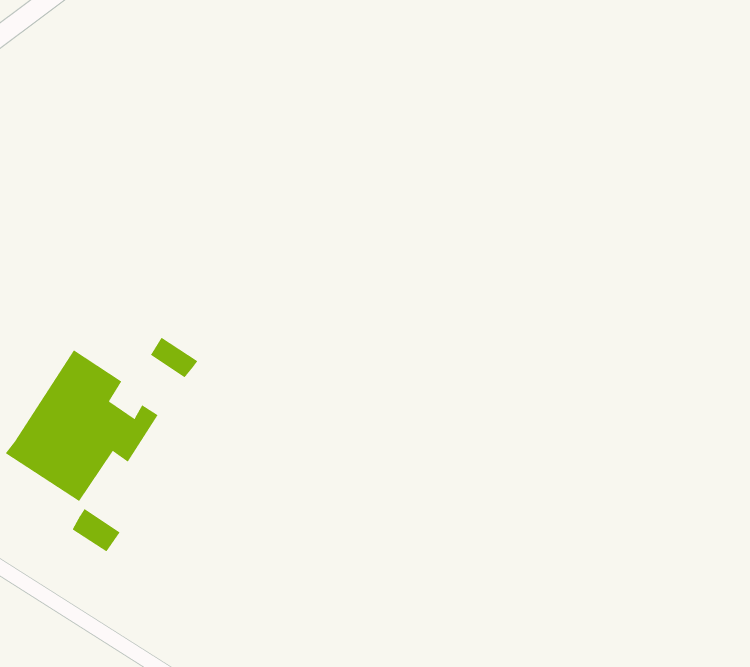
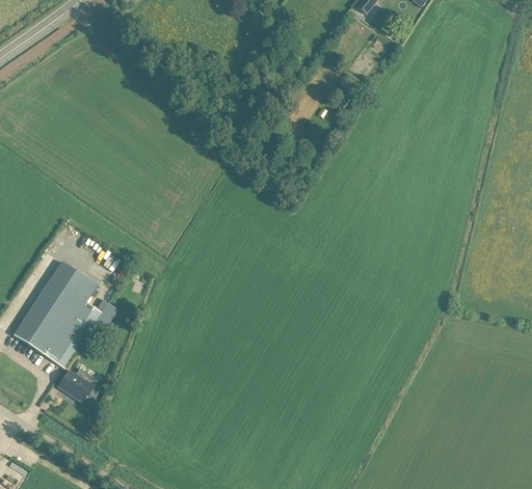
building: [150,337,198,378] -> none

